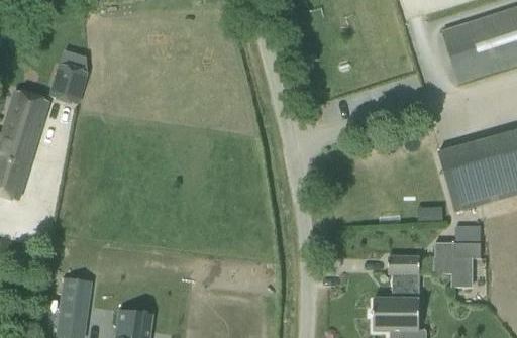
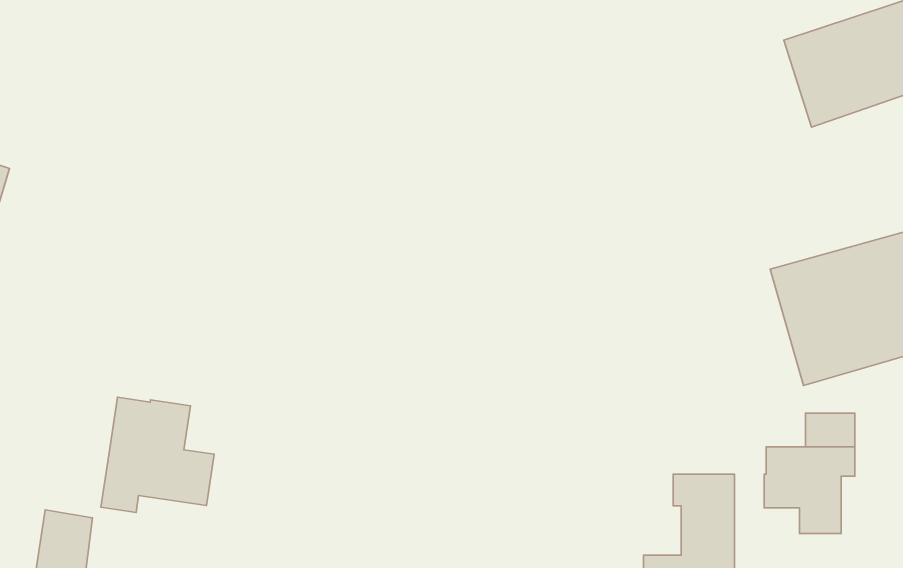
building: [50,47,87,104] -> none
building: none -> [101,397,214,513]

